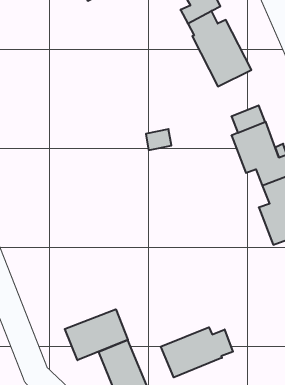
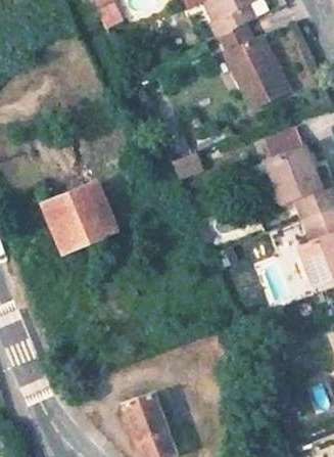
building: none -> [50,188,108,248]
building: [65,309,128,360] -> none
building: [161,327,233,377] -> none

